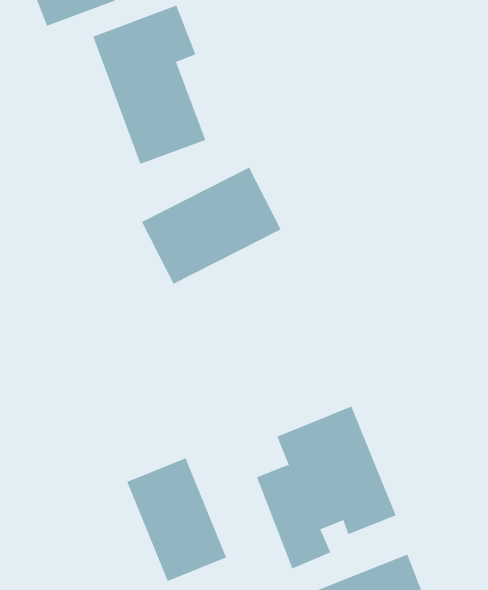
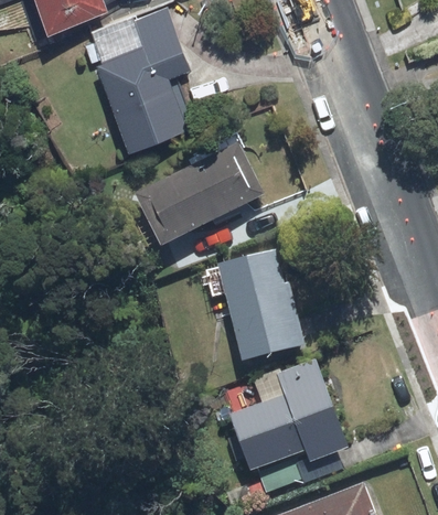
building: none -> [214,247,309,362]
building: [127,457,227,582] -> none

